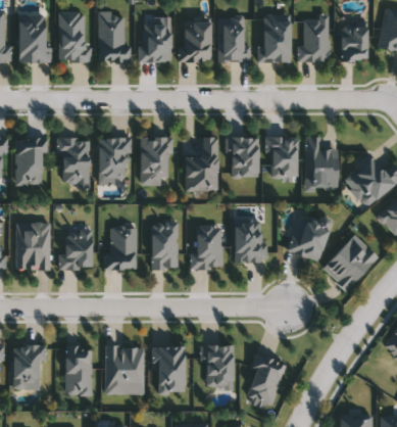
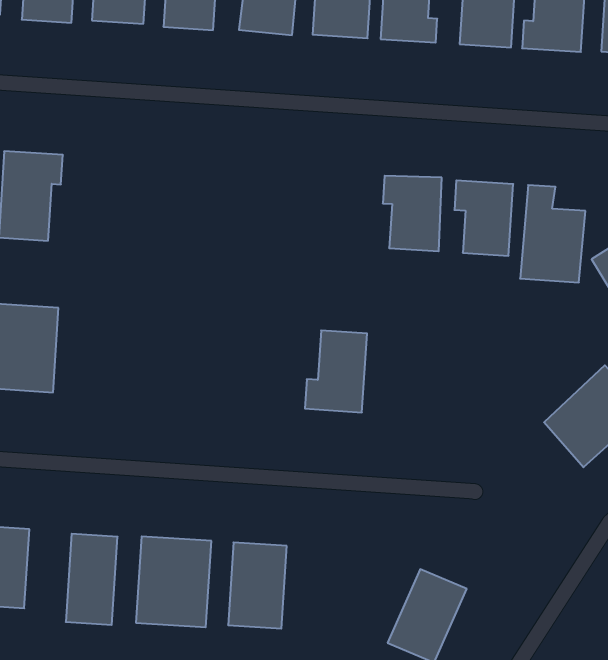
building: [59,137,90,181] -> none
building: [98,137,127,177] -> none
building: [140,137,168,183] -> none
building: [185,137,218,191] -> none
building: [291,214,331,260] -> none
building: [235,219,263,262] -> none
building: [151,221,178,269] -> none
building: [106,226,136,269] -> none
building: [58,230,92,268] -> none
building: [202,345,234,385] -> none

